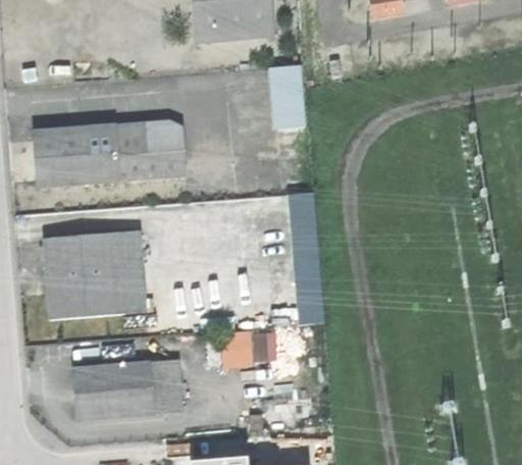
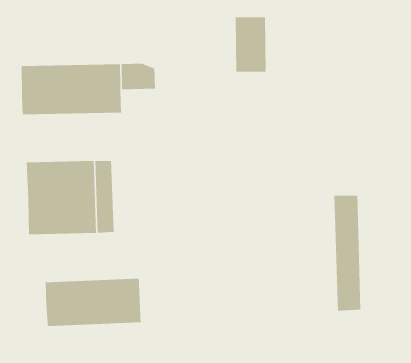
building: [145,149,185,177] -> none
building: [285,190,323,321] -> [333,195,361,312]
building: [218,326,277,363] -> none

